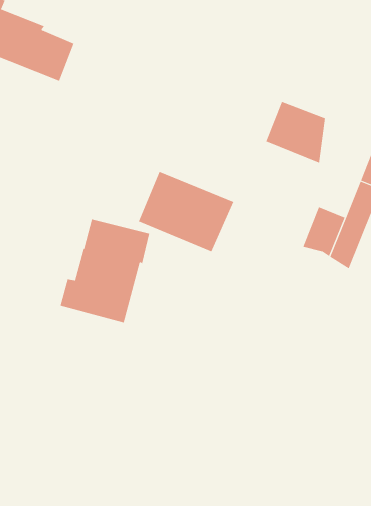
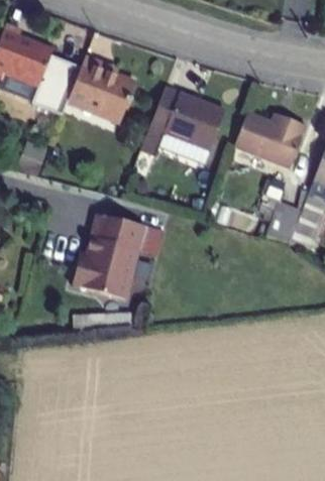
building: none -> [66,56,134,122]
building: none -> [282,120,310,169]
building: [138,171,234,252] -> [149,88,228,154]

